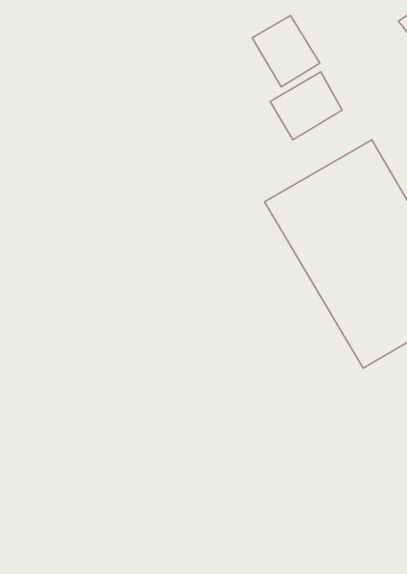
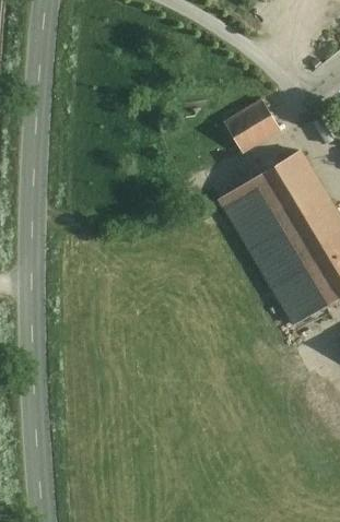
building: [252,16,320,87] -> none

